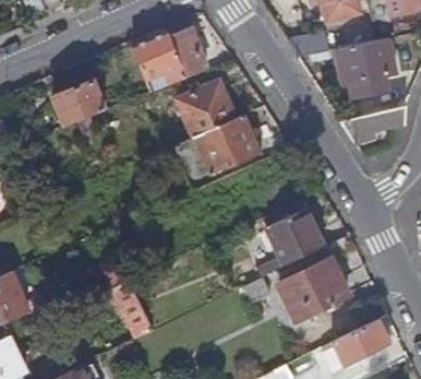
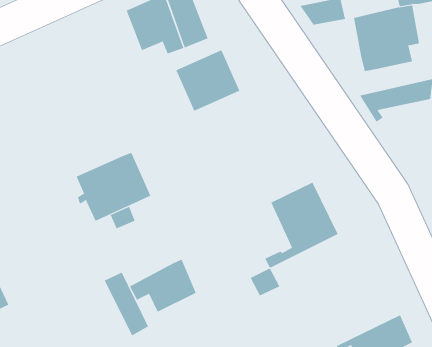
building: [50,80,105,127] -> none
building: [194,114,262,176] -> [76,152,151,221]
building: [280,259,348,321] -> none
building: none -> [129,259,197,313]

